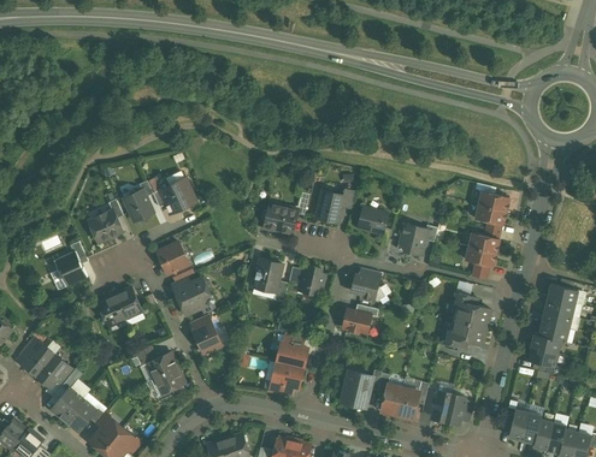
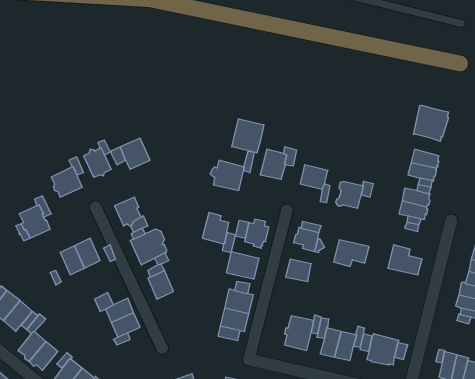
building: none -> [413,105,448,141]
building: none -> [232,119,264,153]
building: none -> [227,251,259,279]
building: [447,319,485,348] -> [334,240,369,266]

